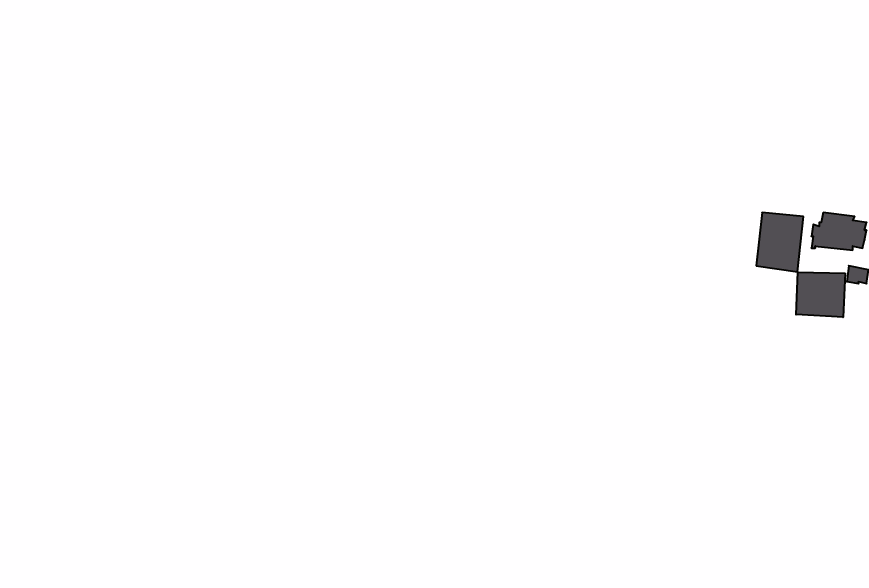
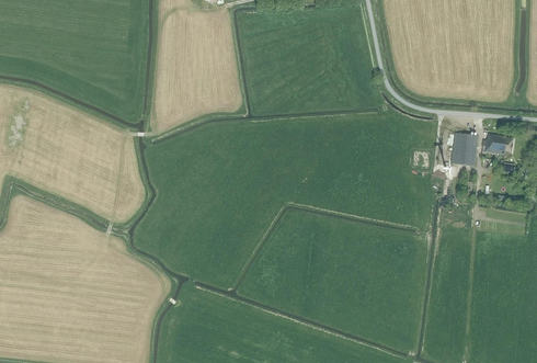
building: [796,272,845,317] -> none

